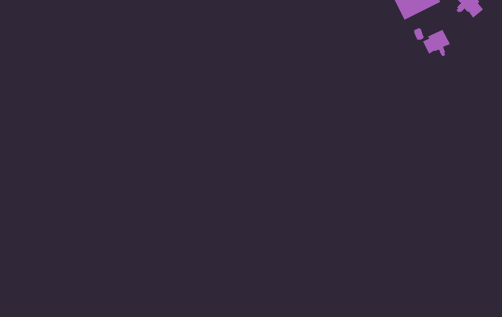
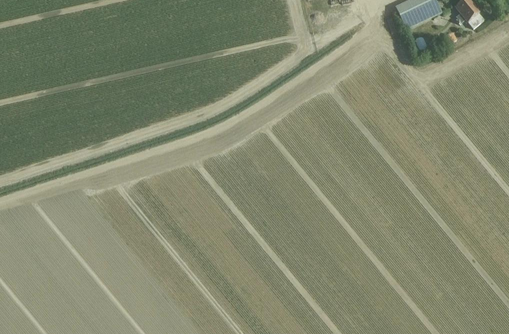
building: [422,29,451,57] -> none

